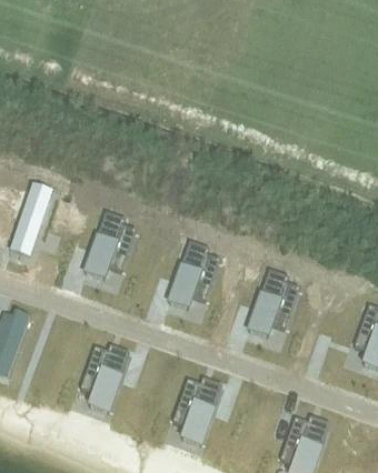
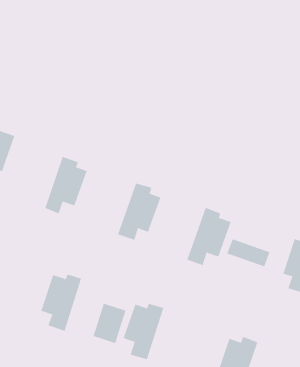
building: none -> [227,238,270,267]
building: none -> [93,303,126,344]

